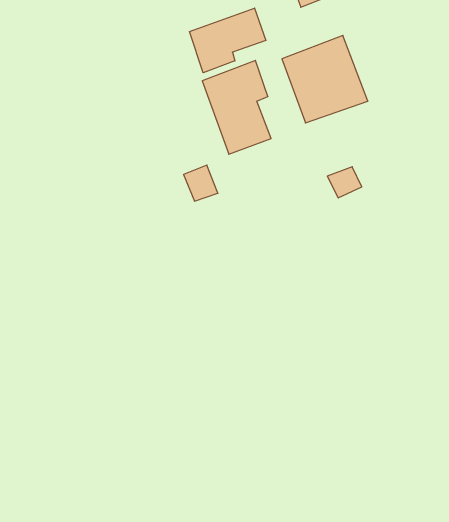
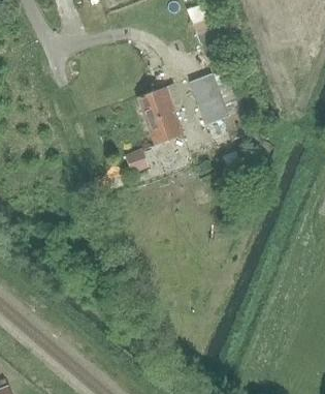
building: [189,8,266,73] -> none

